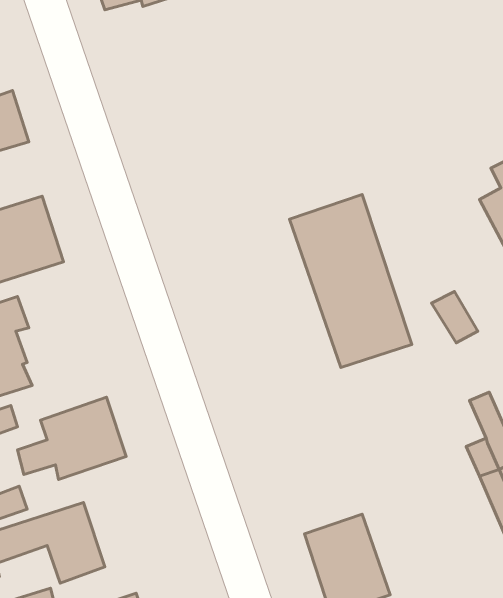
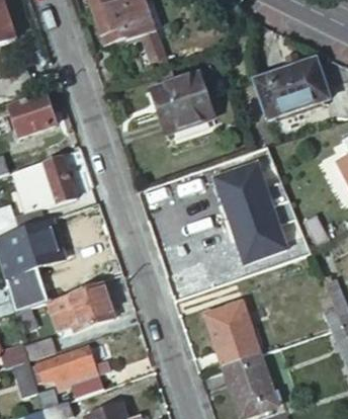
building: none -> [255,59,329,116]
building: none -> [149,71,212,131]
building: none -> [206,302,259,365]

